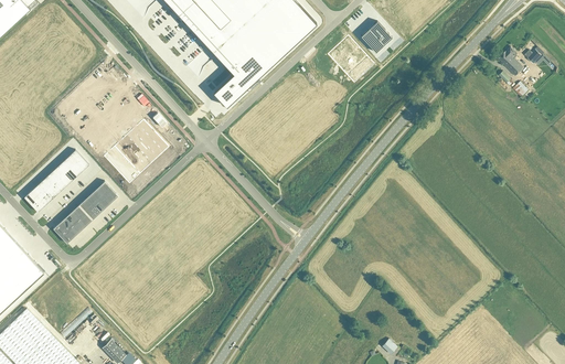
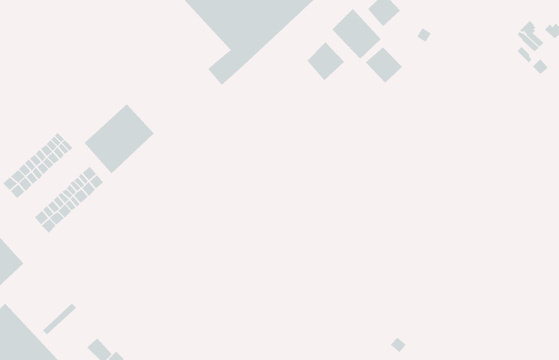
building: none -> [306,41,345,81]
building: none -> [365,47,403,84]

